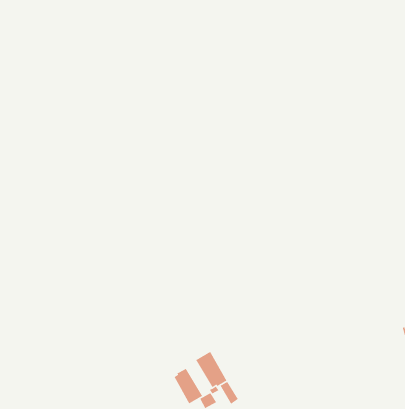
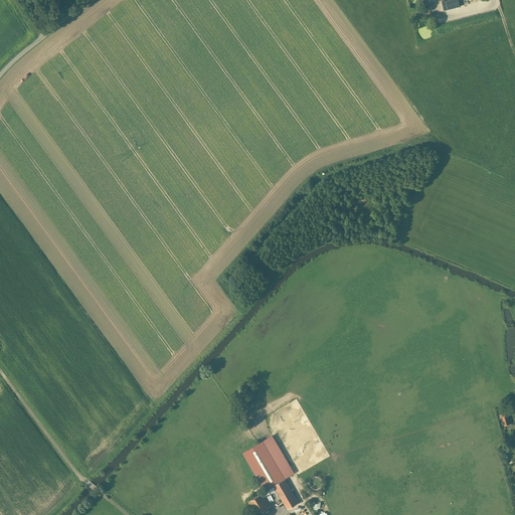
building: [173,368,203,404] -> none

